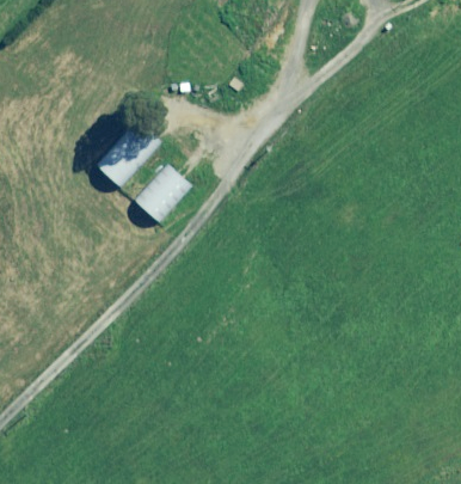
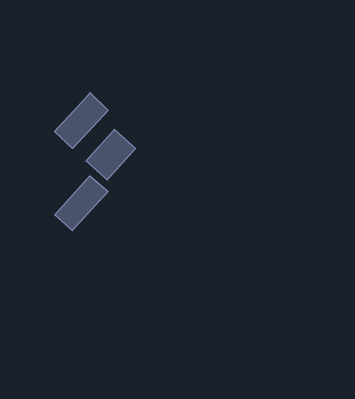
building: none -> [55,176,108,231]

